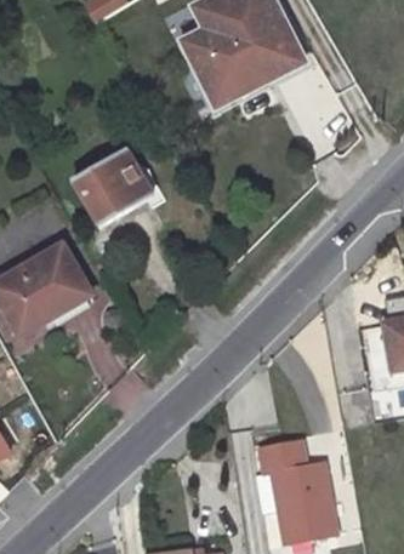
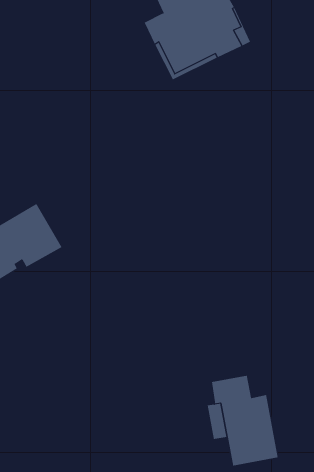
building: [73,148,153,225] -> none

